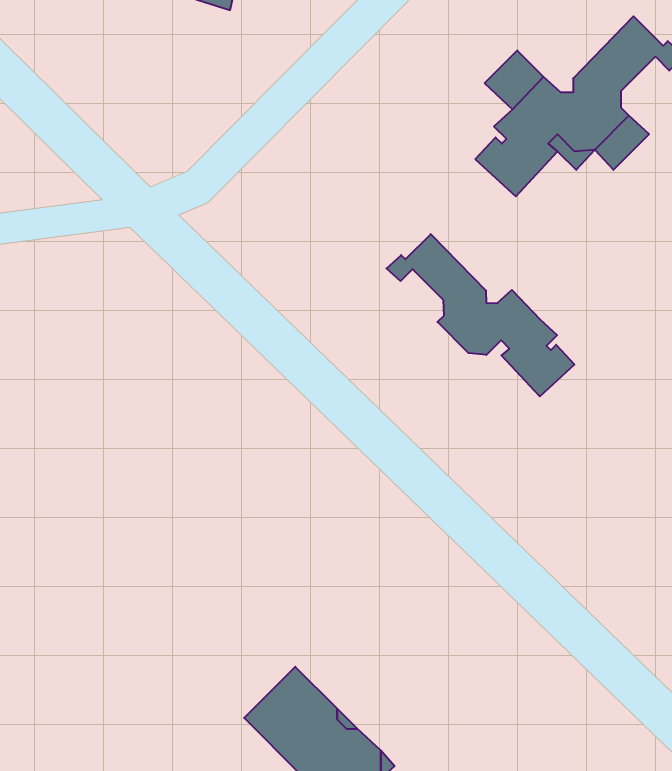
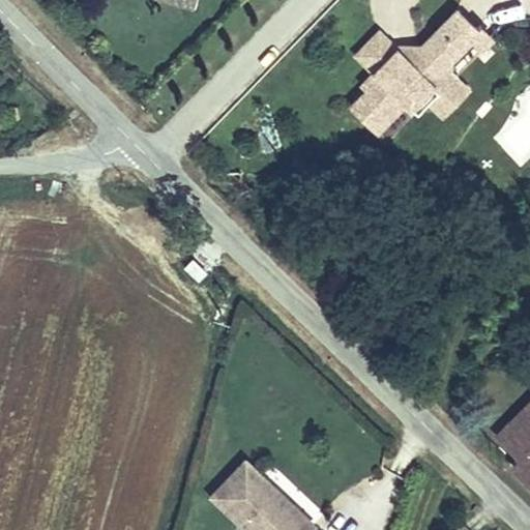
building: [386,234,574,396] -> none

